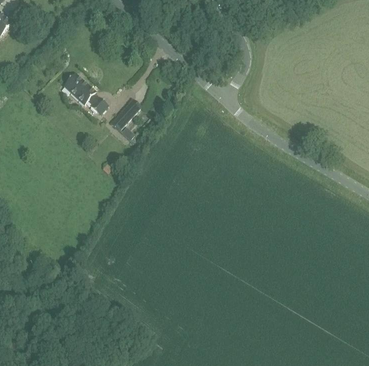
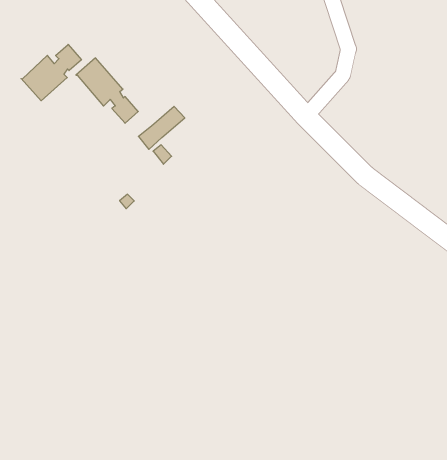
building: none -> [21,44,81,101]

